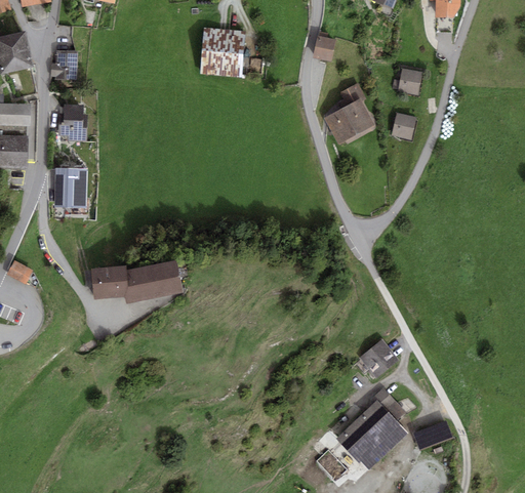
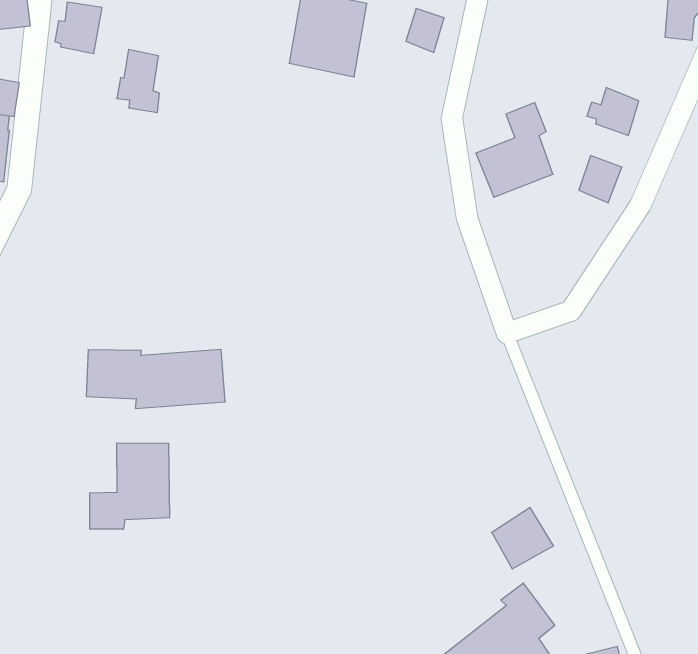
building: [313,36,335,63] -> [406,8,444,52]
building: [58,104,85,141] -> [117,49,160,113]
building: [64,166,84,203] -> none
building: none -> [90,443,169,529]

